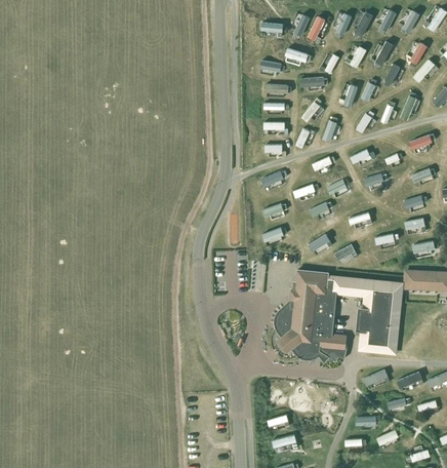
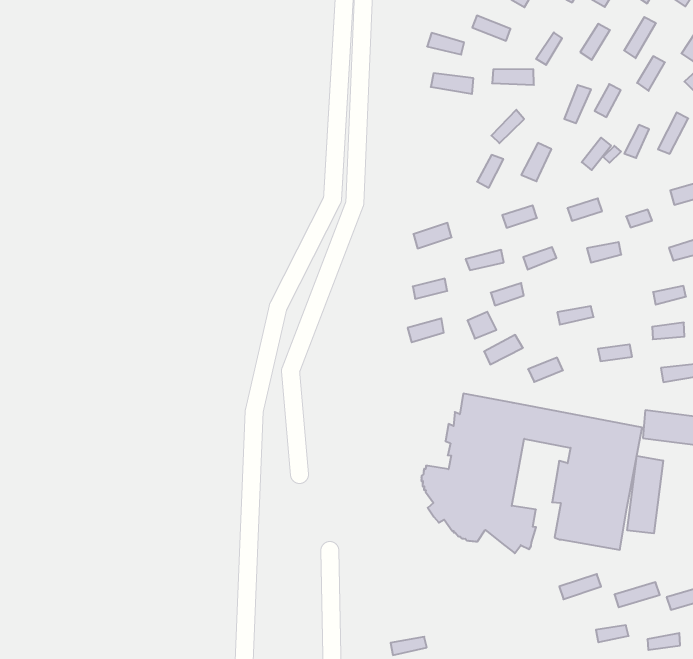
building: none -> [627,456,663,533]

